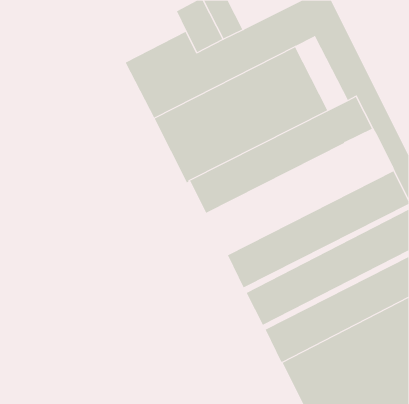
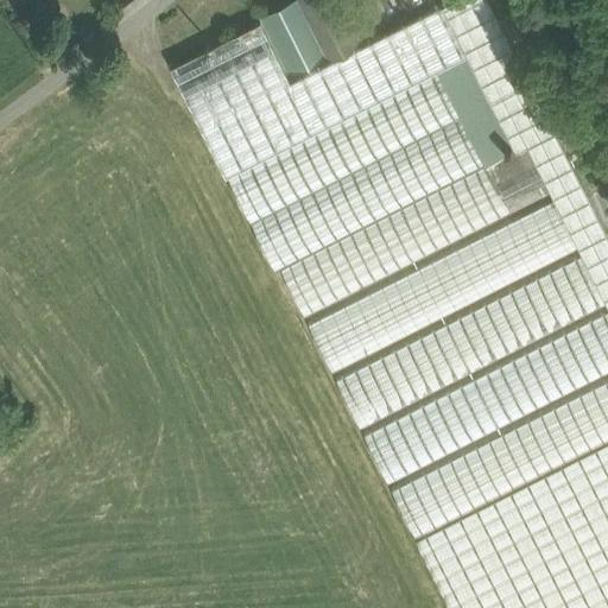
building: none -> [171,26,276,100]
building: none -> [438,62,515,171]
building: none -> [309,205,582,380]

